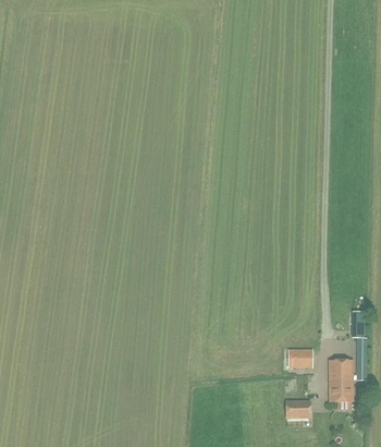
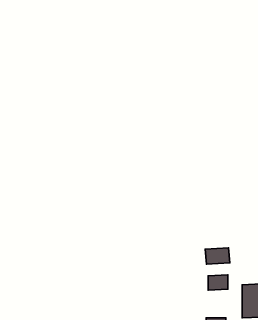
building: none -> [205,248,230,264]

